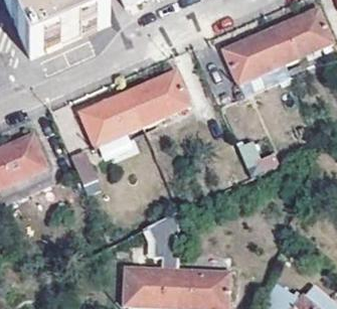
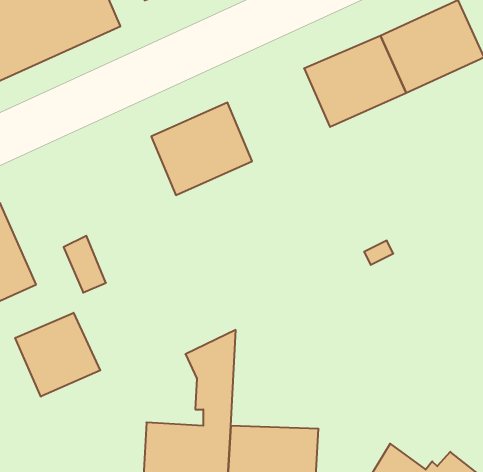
building: [78,90,142,147] -> none
building: none -> [15,313,100,397]

